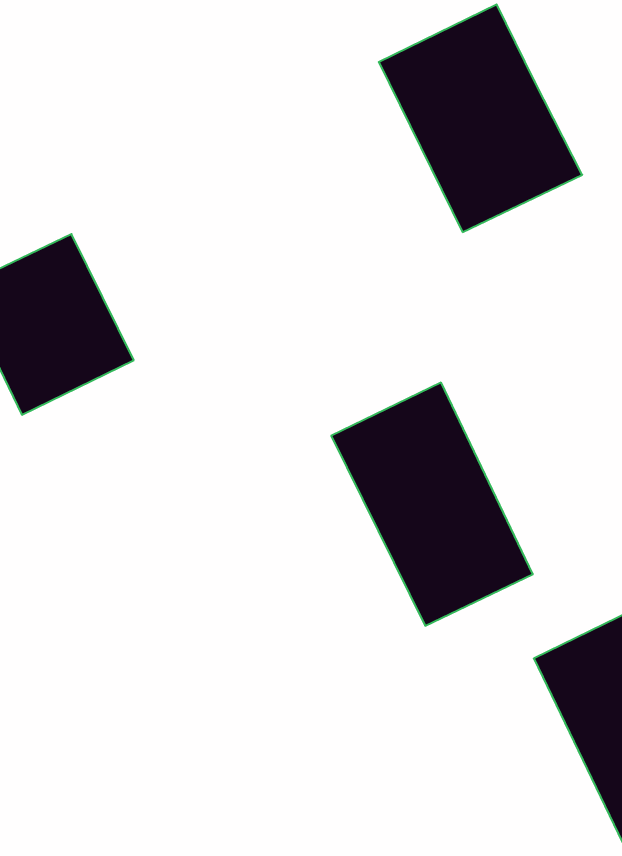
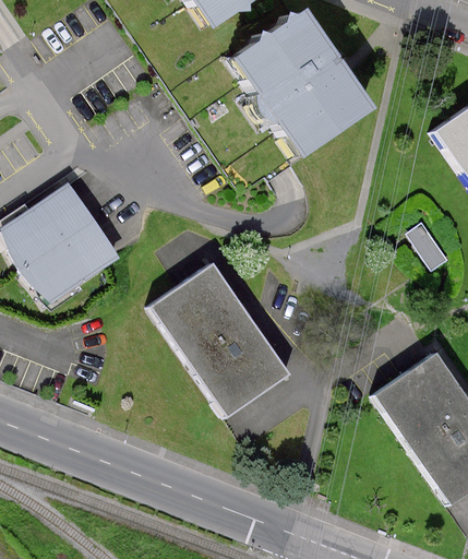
building: [331,383,533,626] -> [154,266,284,411]

